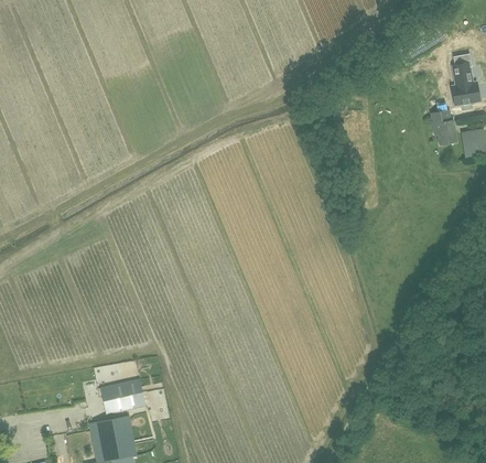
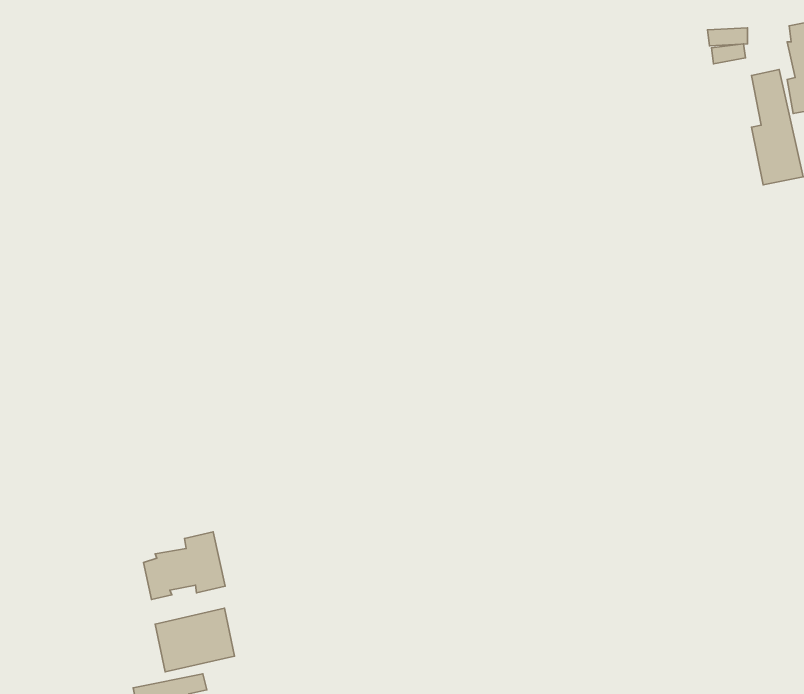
building: none -> [144,532,225,600]

